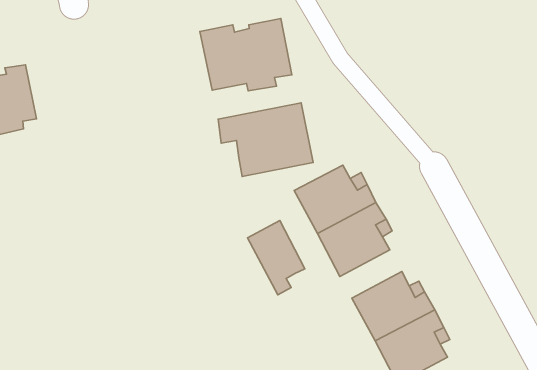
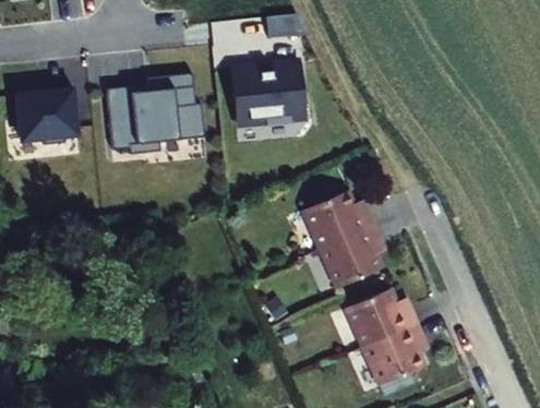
building: none -> [109,70,205,152]
building: [218,103,313,176] -> none
building: [248,221,305,295] -> none

